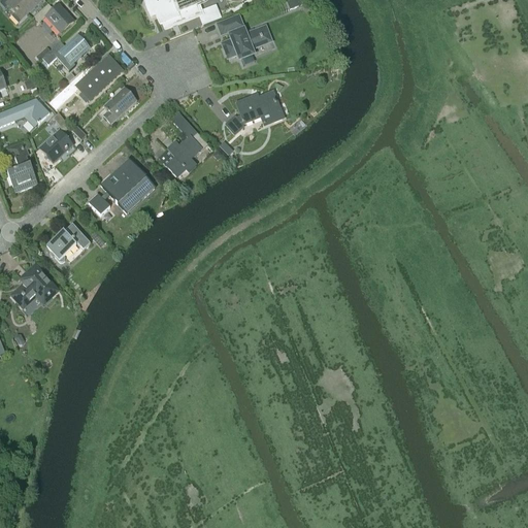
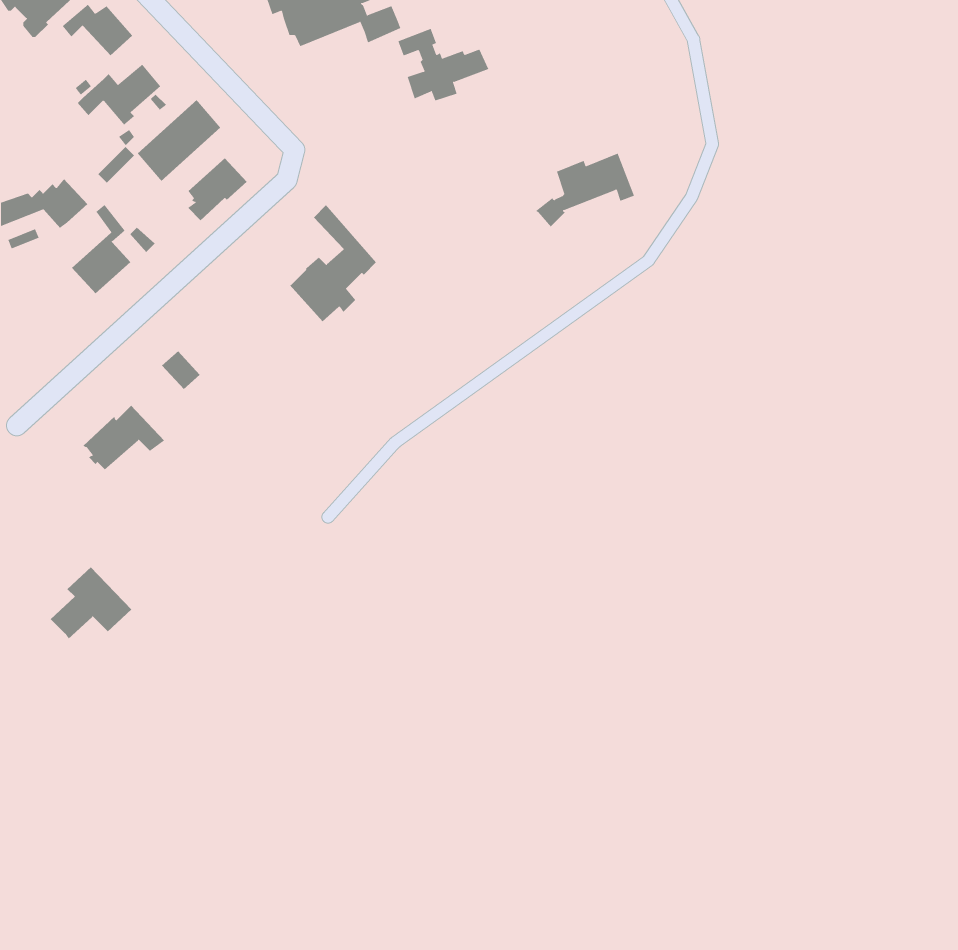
building: [226,91,280,132] -> [536,153,635,228]
building: [7,141,35,189] -> none
building: [101,158,155,212] -> none
building: [12,265,58,305] -> [50,567,132,640]

